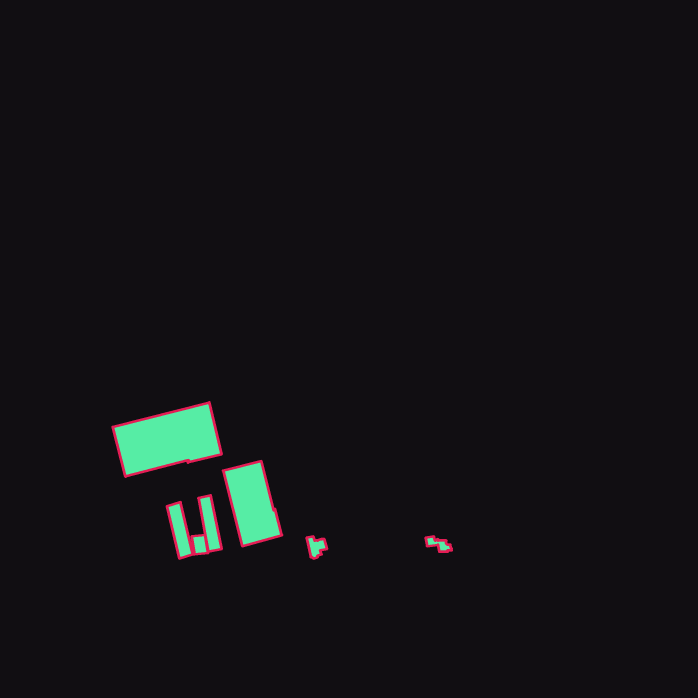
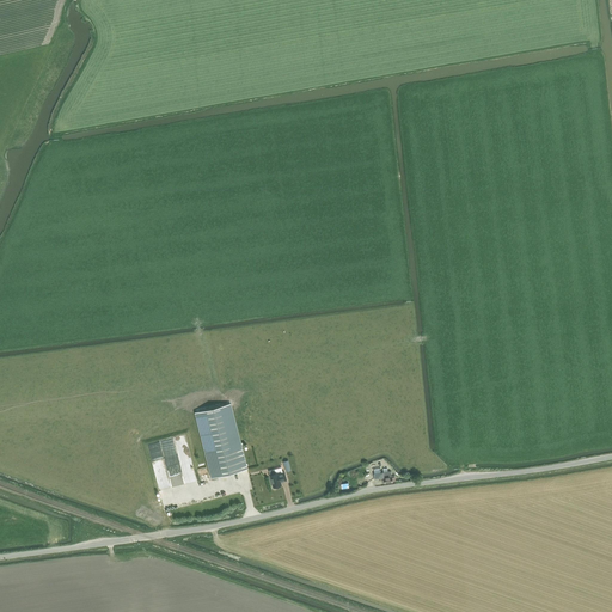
building: [113,402,221,477] -> none

